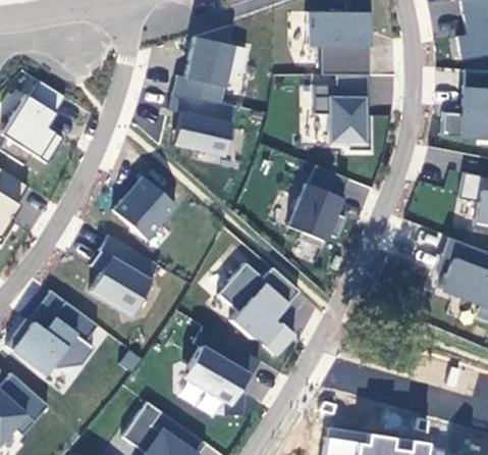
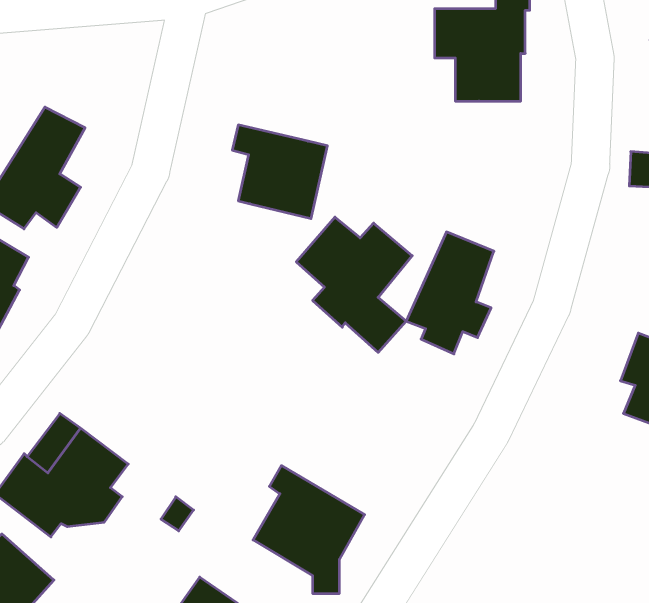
building: [173,35,234,104] -> none
building: [315,77,370,149] -> none
building: [113,175,176,239] -> none
building: [91,236,158,309] -> none
building: [220,263,300,356] -> [296,217,412,352]

